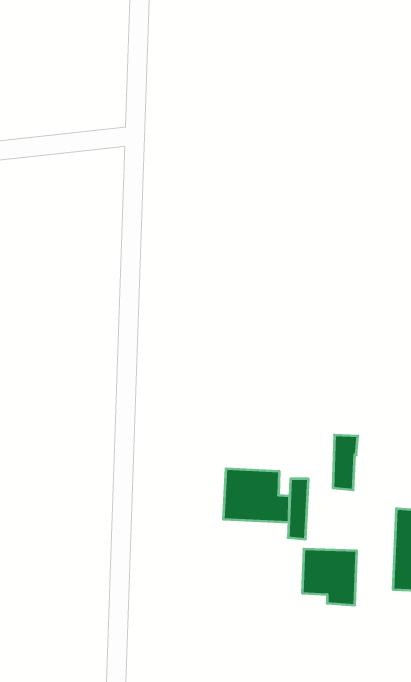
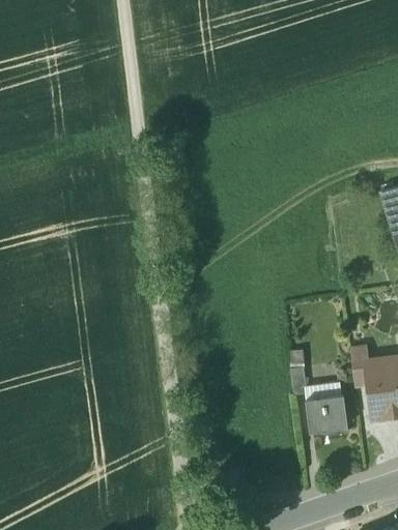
building: [333,435,358,490] -> [349,345,369,384]
building: [224,469,289,523] -> none

